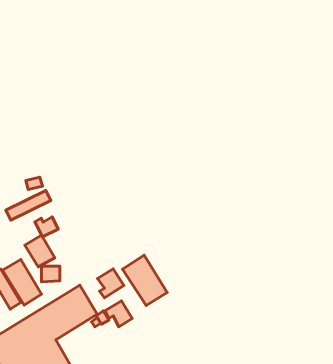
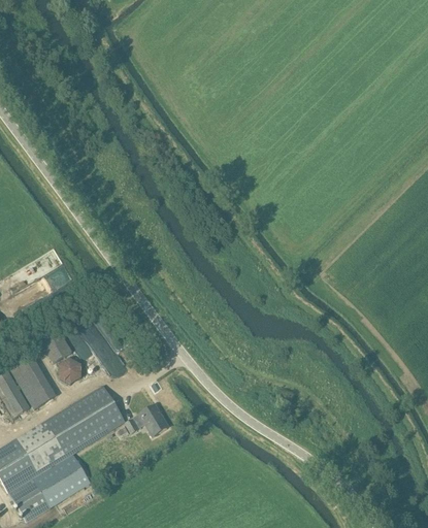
building: [35,217,58,237] -> none
building: [123,255,167,306] -> none
building: [98,269,124,298] -> none

